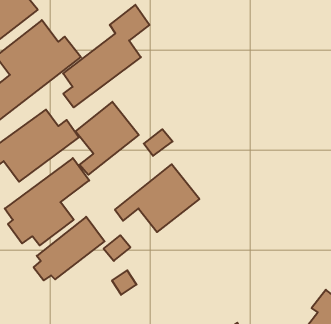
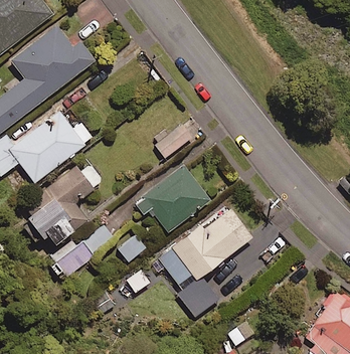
building: [63,5,150,107] -> none
building: [75,102,139,175] -> none
building: none -> [153,204,250,304]

